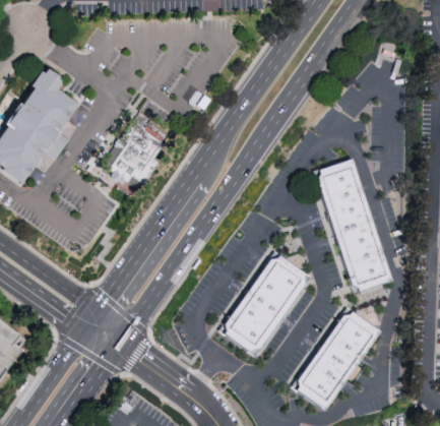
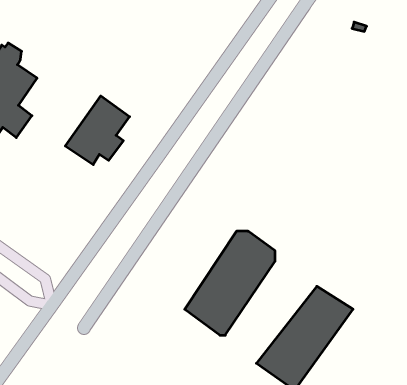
building: [316,156,396,293] -> none

